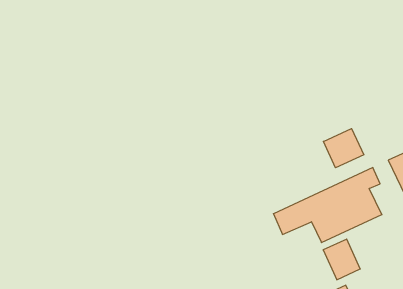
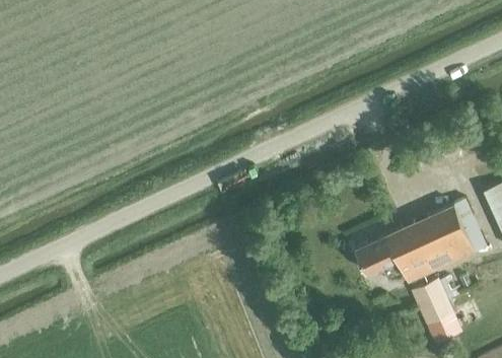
building: [323,129,364,168] -> none

